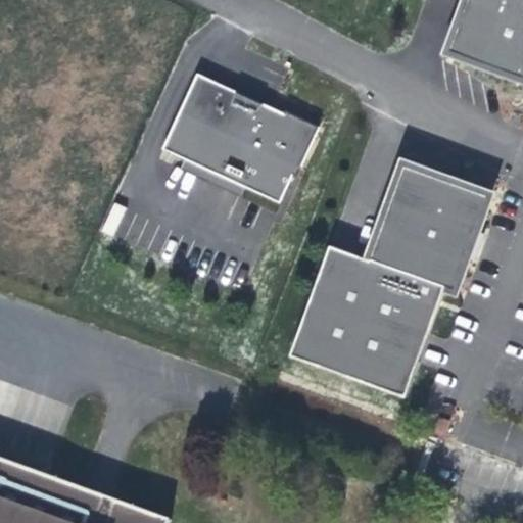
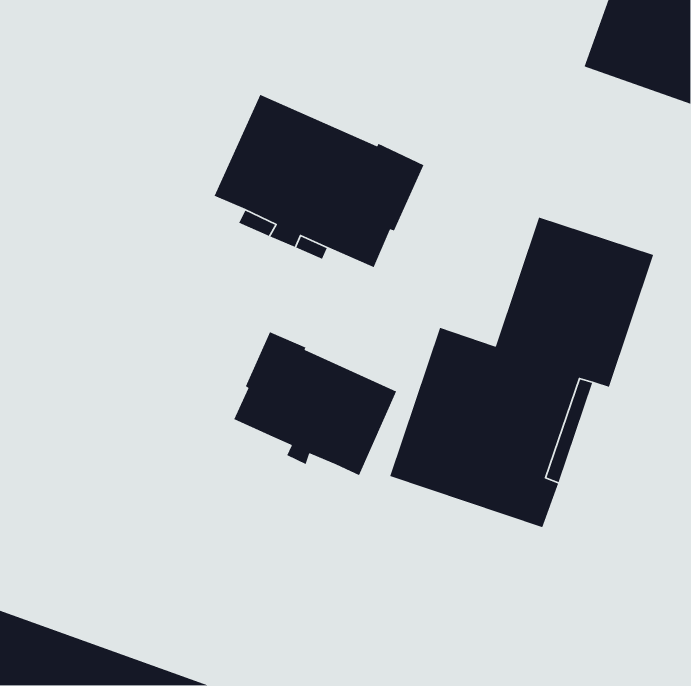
building: none -> [233,331,397,476]

